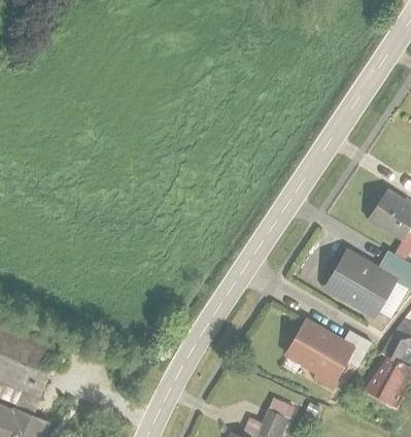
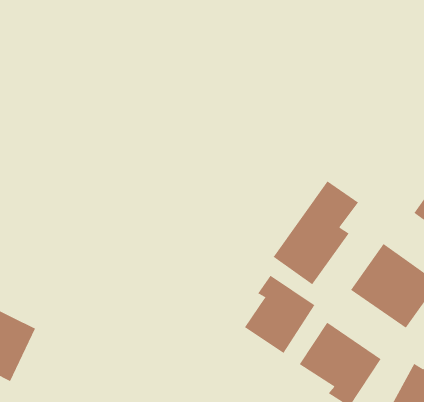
building: none -> [273,181,359,285]
building: none -> [244,275,315,354]

